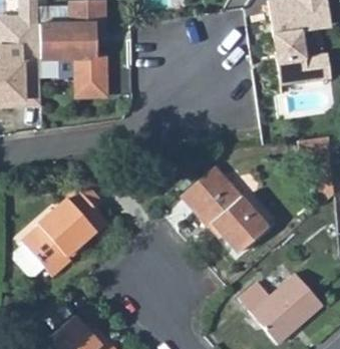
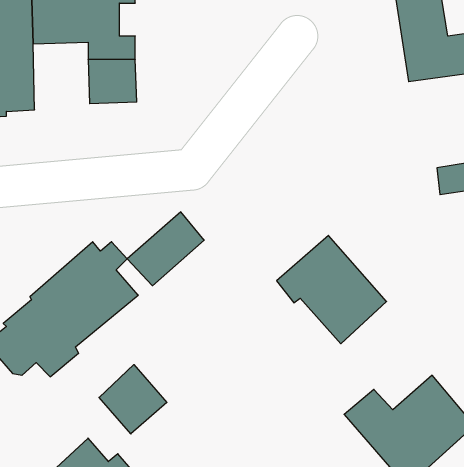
building: [181,164,230,212] -> [127,212,204,286]
building: none -> [99,365,167,434]

